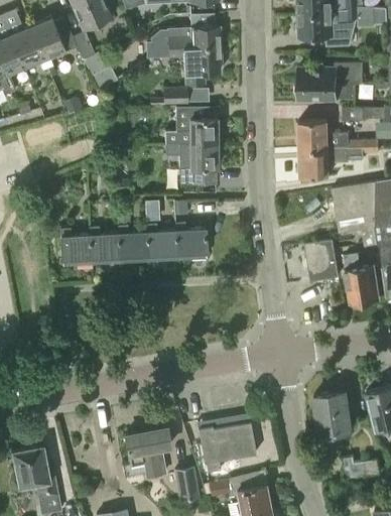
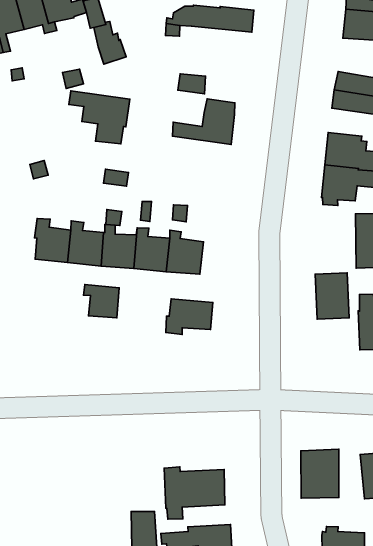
building: [168,44,222,85] -> none
building: [165,143,217,183] -> [69,91,130,144]
building: none -> [84,285,119,318]
building: none -> [166,299,213,335]
building: [124,428,170,477] -> none

